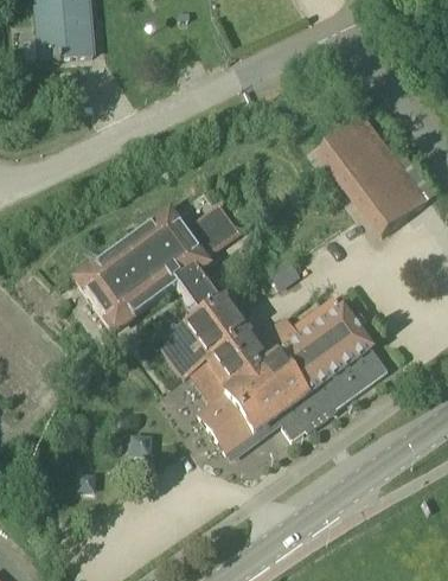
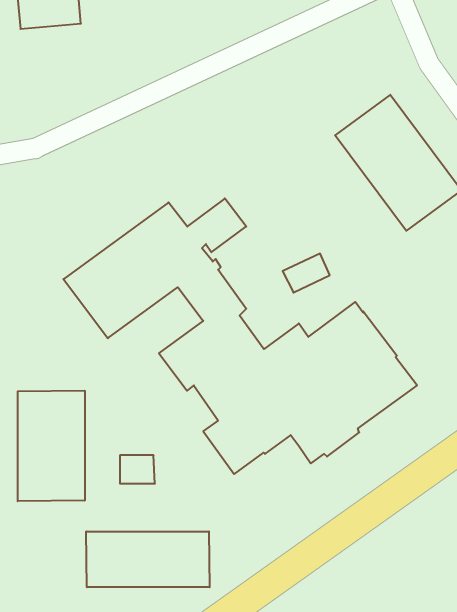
building: none -> [18,391,85,501]
building: none -> [86,531,210,587]

